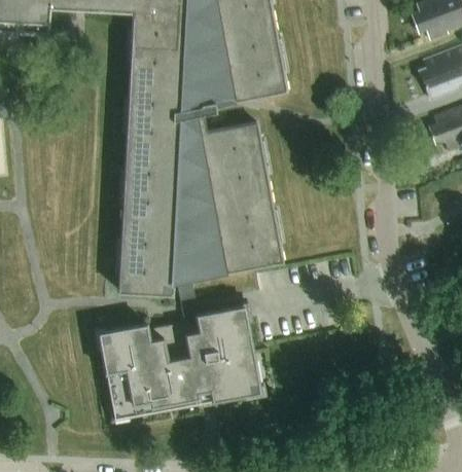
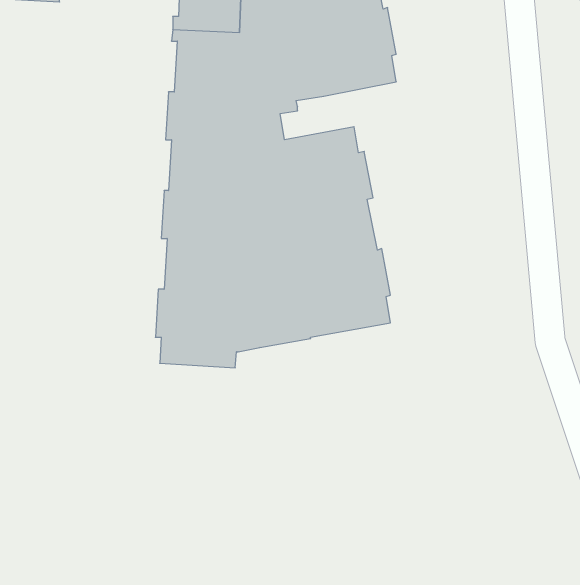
building: [102,305,260,415] -> none

